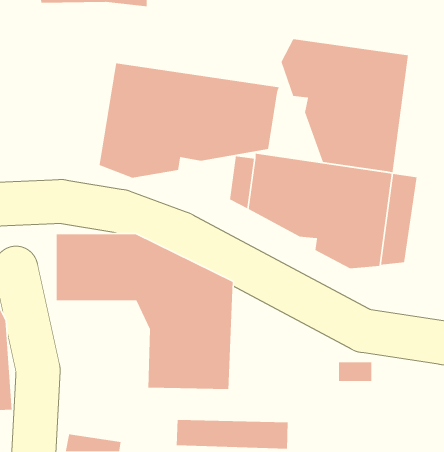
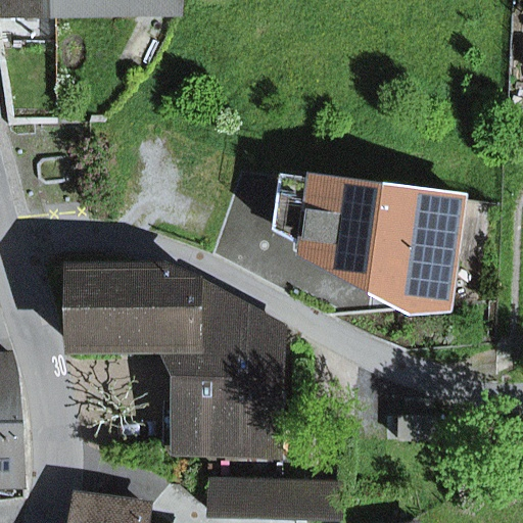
building: [281,38,409,173] -> none
building: [98,62,280,179] -> none

